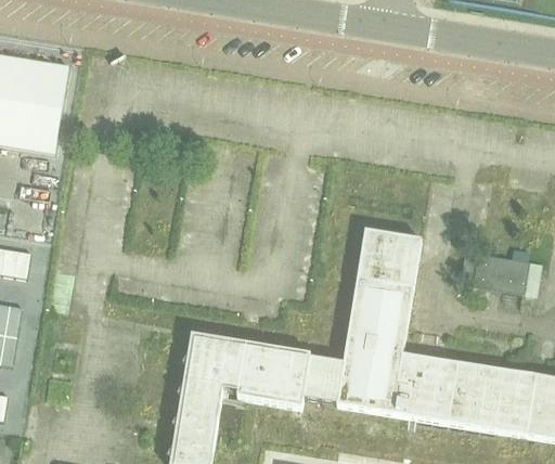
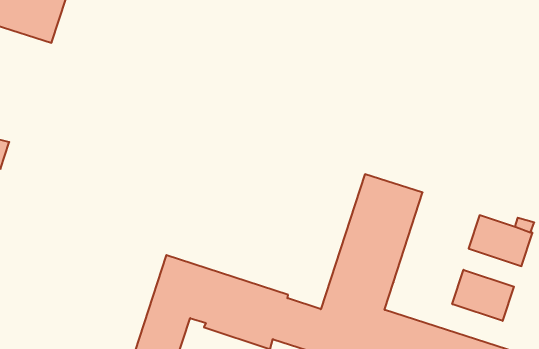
building: none -> [452,270,514,321]

